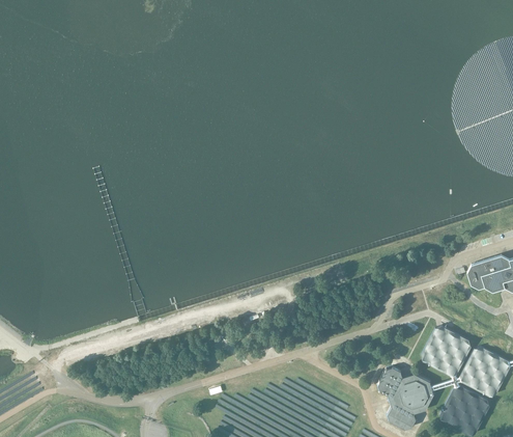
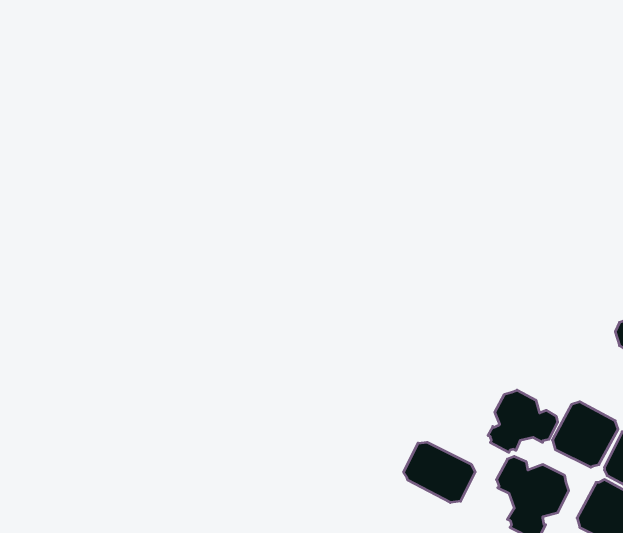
building: none -> [488,390,558,452]
building: none -> [404,442,475,503]

